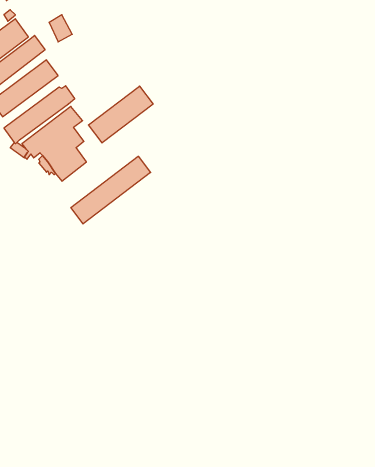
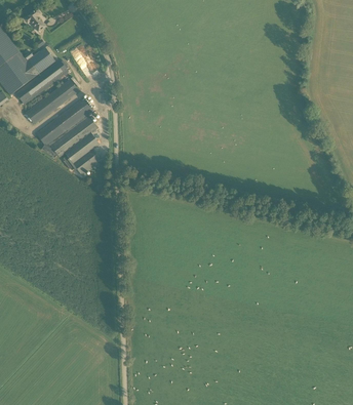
building: [88,86,153,143] -> none
building: [71,156,151,224] -> none

